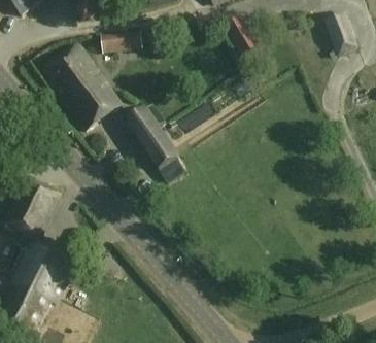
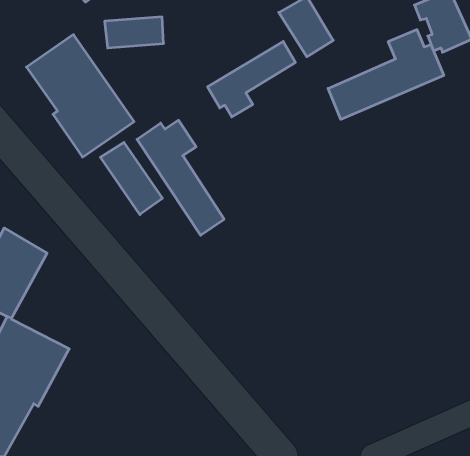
building: none -> [328,30,444,119]
building: none -> [208,41,295,117]
building: none -> [100,142,162,215]

